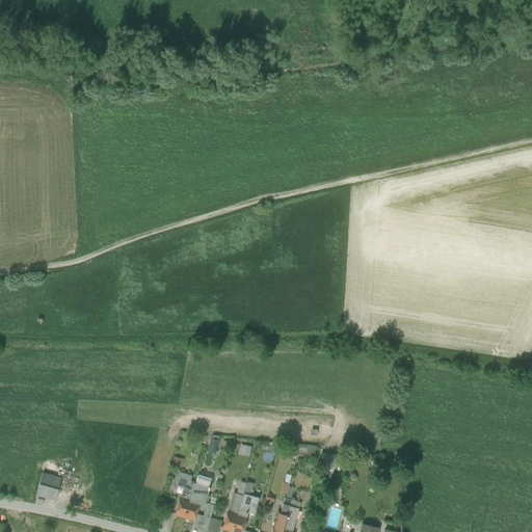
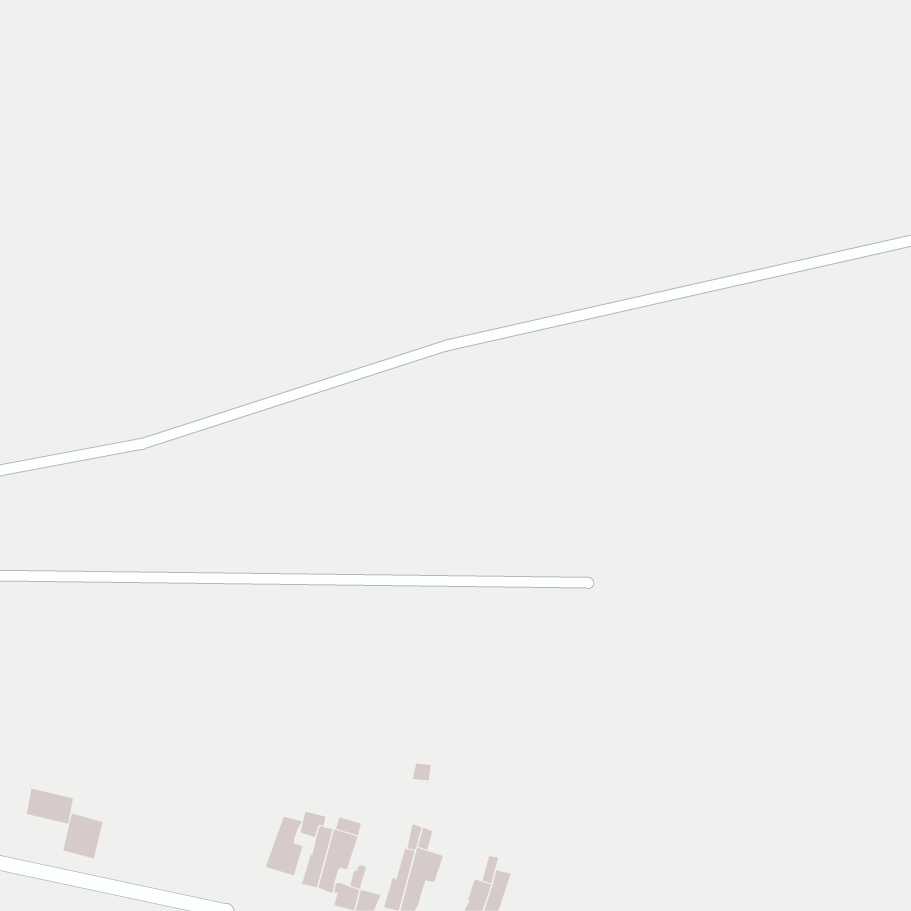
building: none -> [26,788,73,824]
building: none -> [265,816,303,876]

